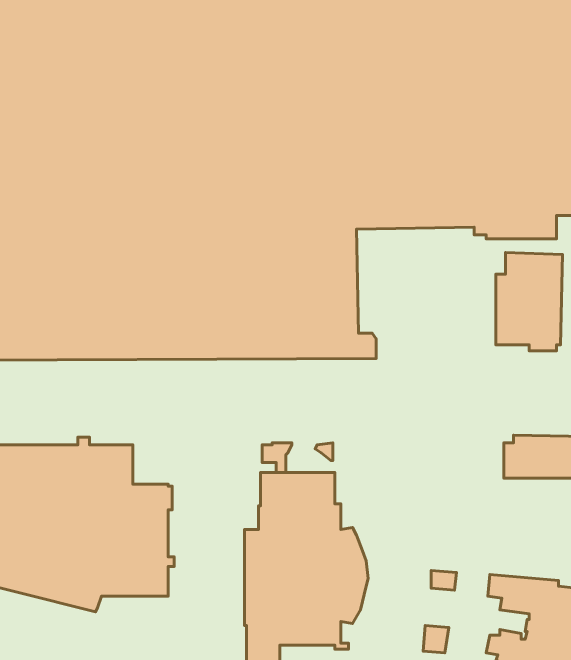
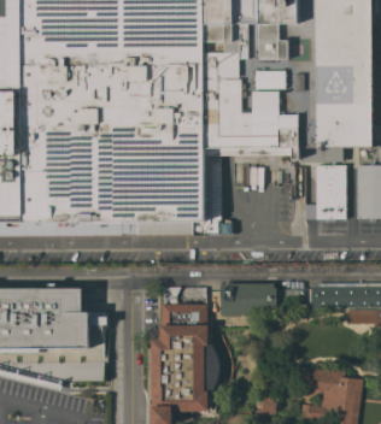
building: none -> [221,283,277,314]

